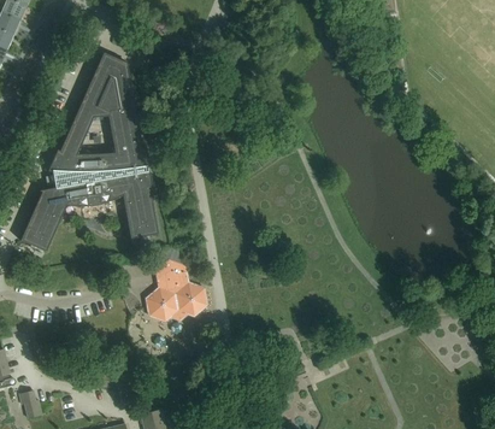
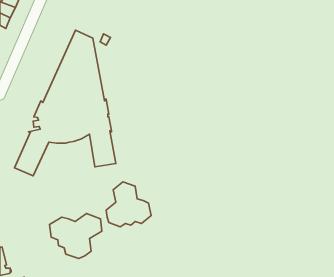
building: none -> [50,214,102,259]

